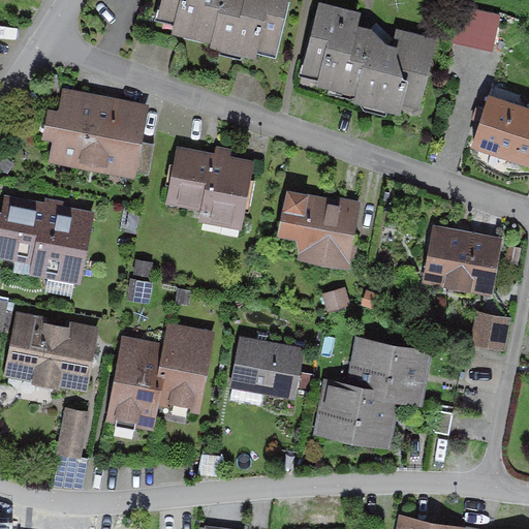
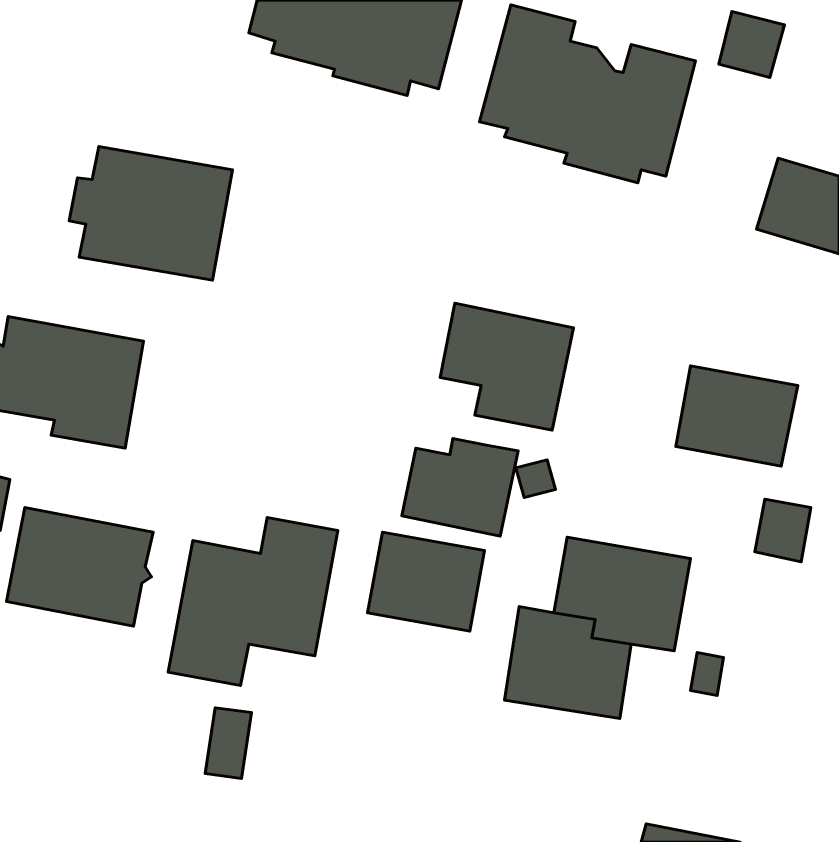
building: [165,147,253,229] -> none
building: none -> [402,438,518,536]
building: [57,413,86,458] -> [205,708,251,779]

